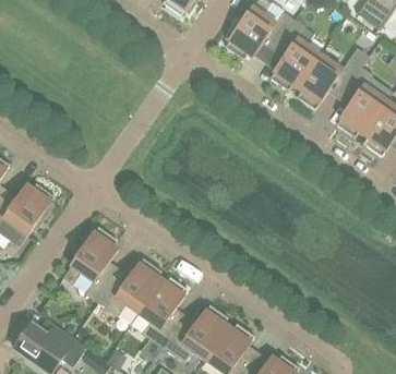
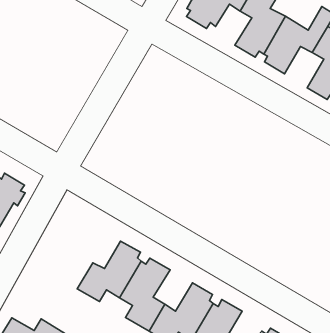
building: [62,226,117,300] -> none

